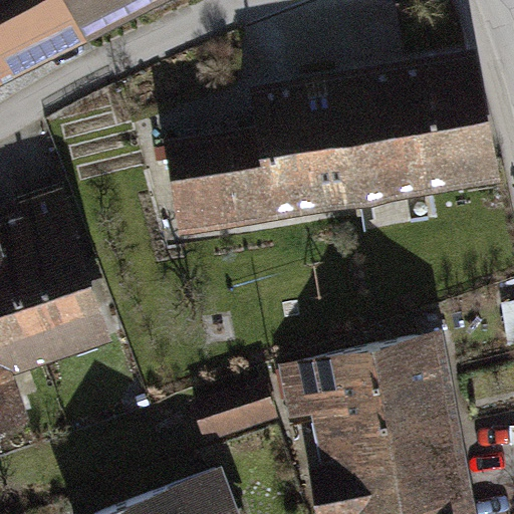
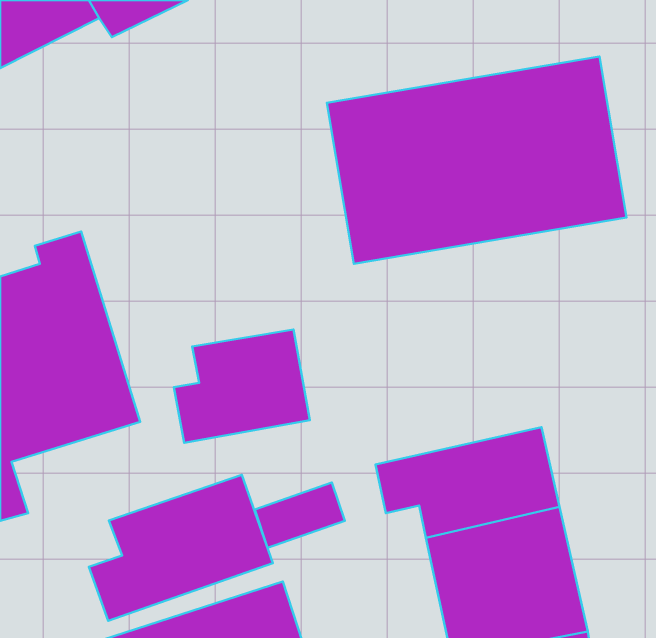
building: [166,125,277,237] -> none
building: none -> [174,329,310,443]
building: none -> [89,475,273,621]

